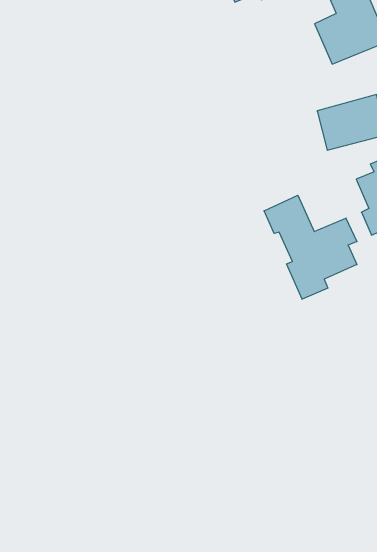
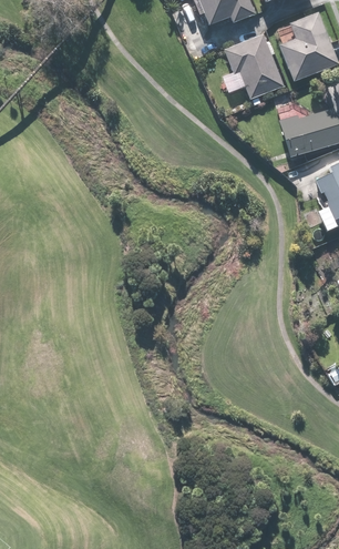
building: none -> [224,32,286,100]
building: [264,195,357,299] -> none

